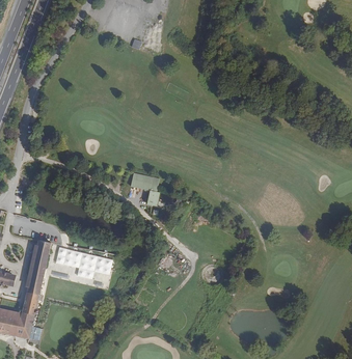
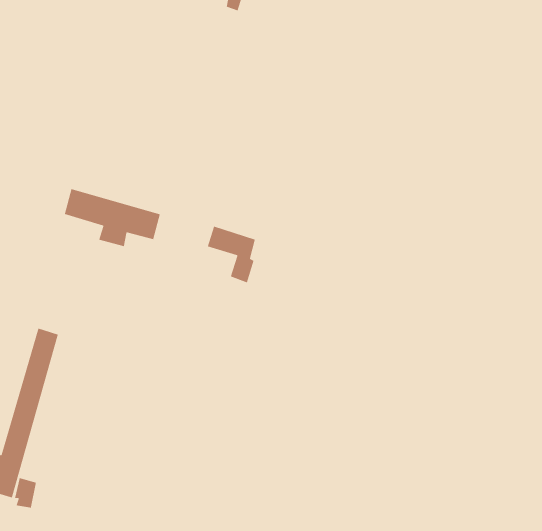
building: [56,247,112,279] -> [64,188,161,247]

